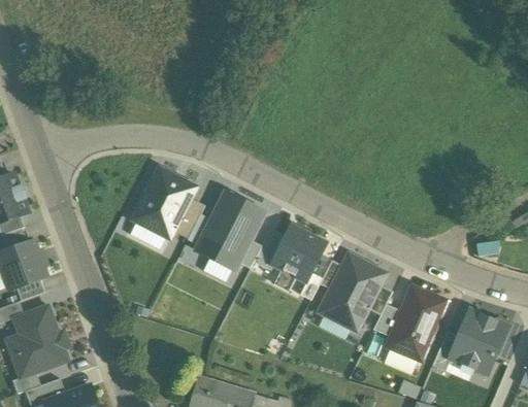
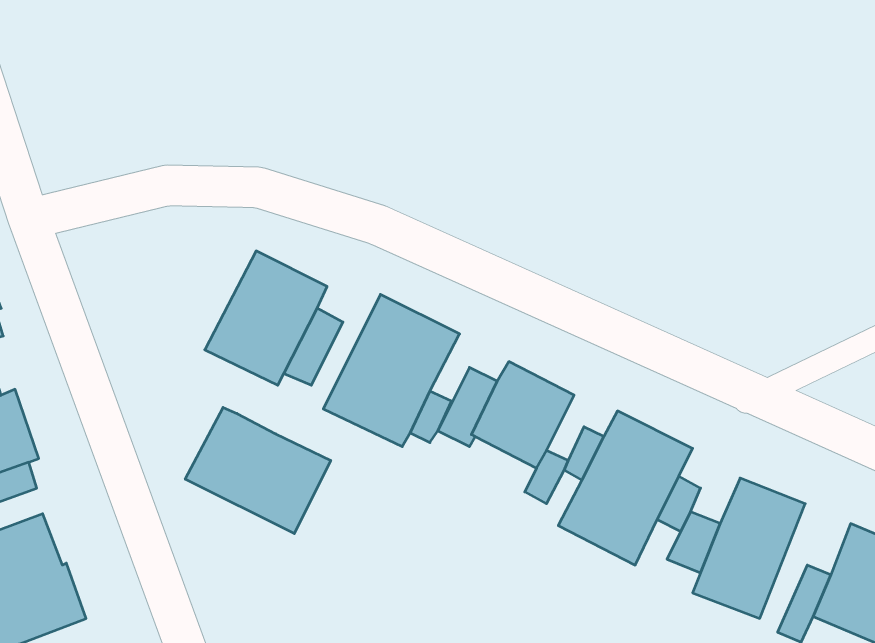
building: none -> [185,407,331,534]

